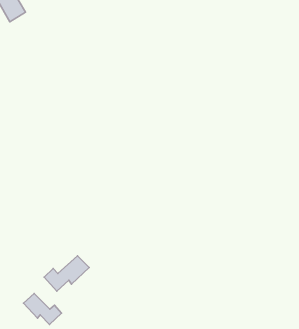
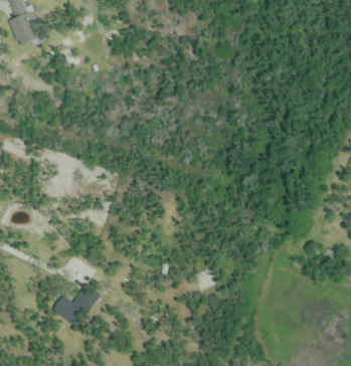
building: [23,293,62,324] -> none

